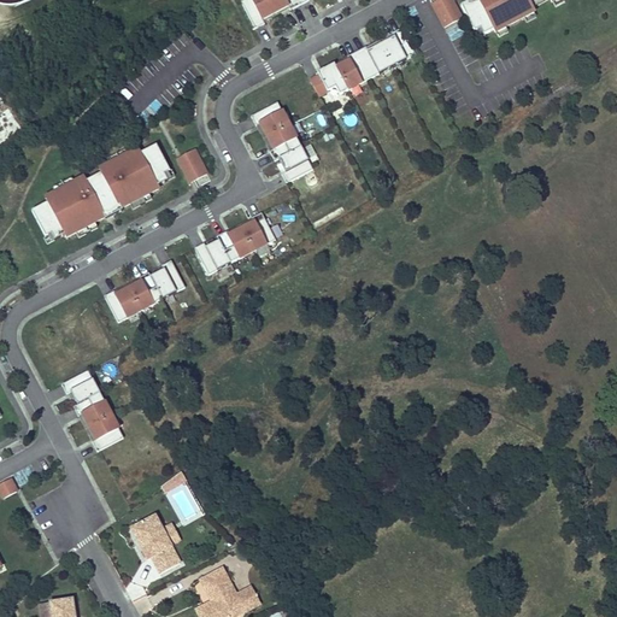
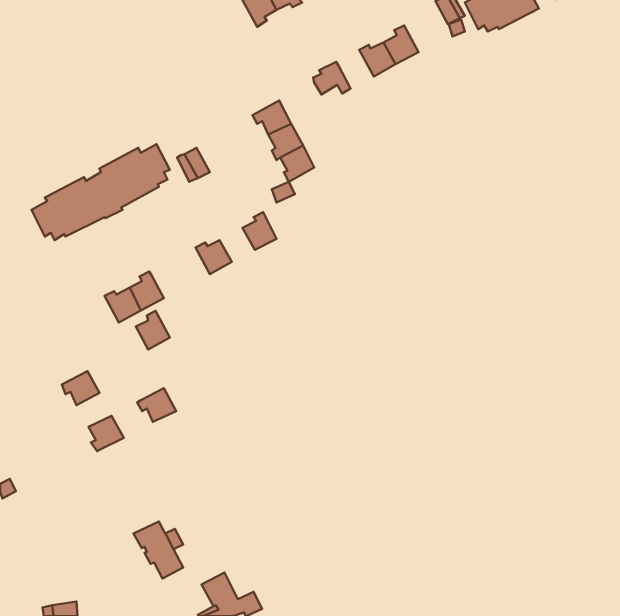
building: [336,49,371,88] -> none
building: [217,227,253,260] -> none
building: [151,258,184,296] -> [136,311,170,350]
building: [72,390,111,424] -> [137,388,176,422]

